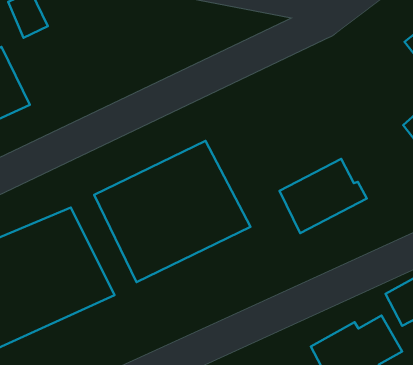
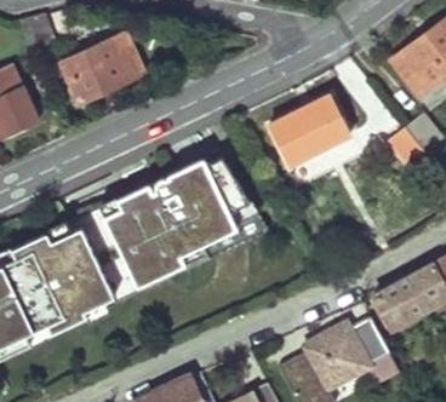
building: none -> [59,33,142,102]
building: [280,159,367,233] -> [269,97,351,167]

